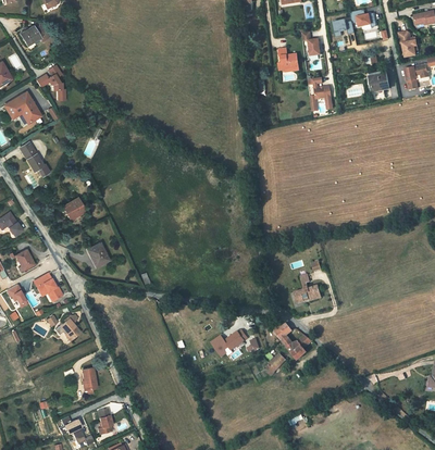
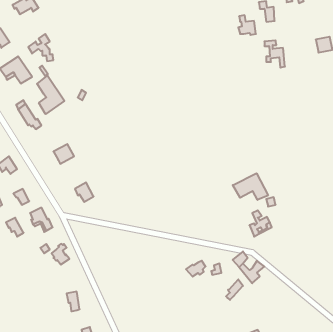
building: none -> [37,75,64,114]
building: none -> [233,173,268,200]

